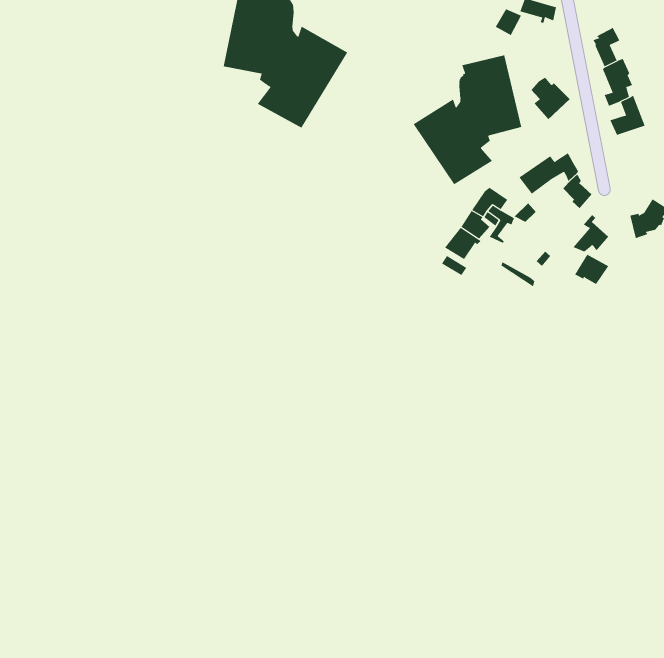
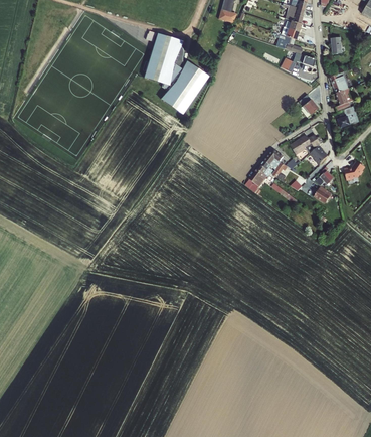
building: [413,54,522,185] -> none

